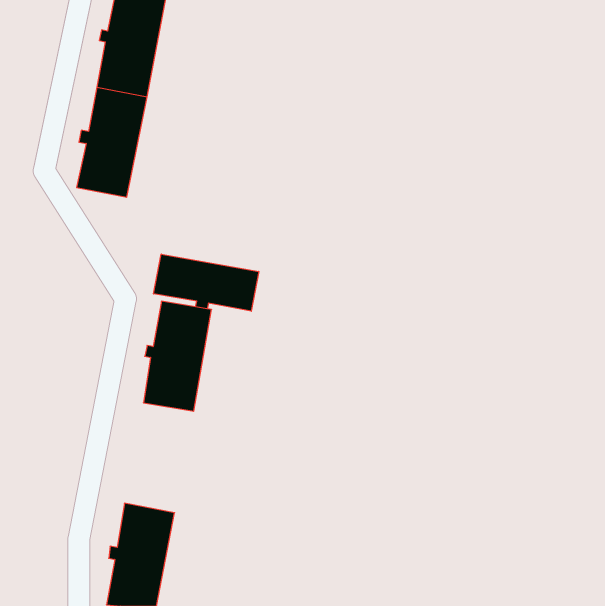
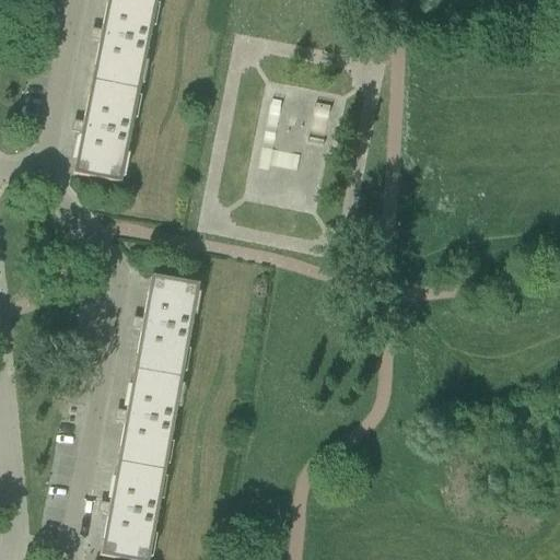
building: [154,254,259,311] -> none
building: none -> [119,369,183,469]

